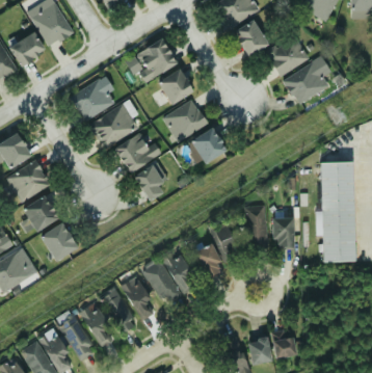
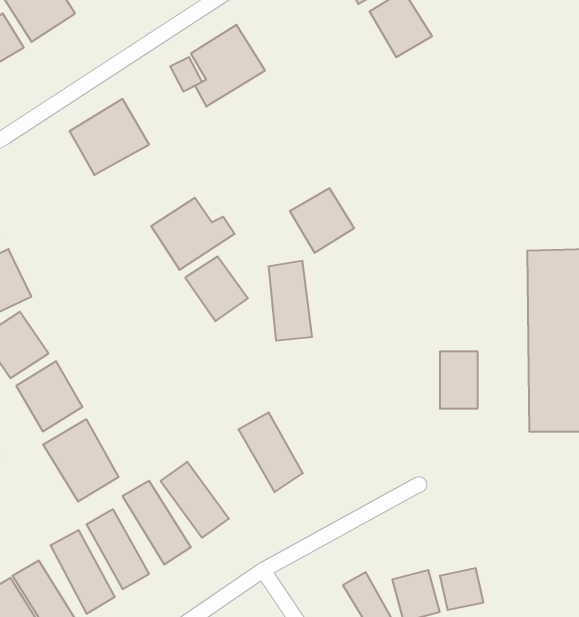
building: [265,34,310,76] -> none
building: [284,56,329,104] -> none
building: [159,69,193,104] -> none
building: [163,99,208,141] -> none
building: [88,103,140,150] -> none
building: [245,205,269,248] -> [268,261,312,341]
building: [213,225,239,259] -> none
building: [193,242,225,279] -> none
building: none -> [43,419,119,502]
building: [144,262,181,305] -> none

